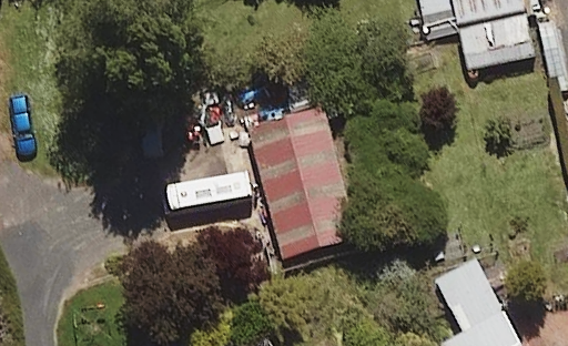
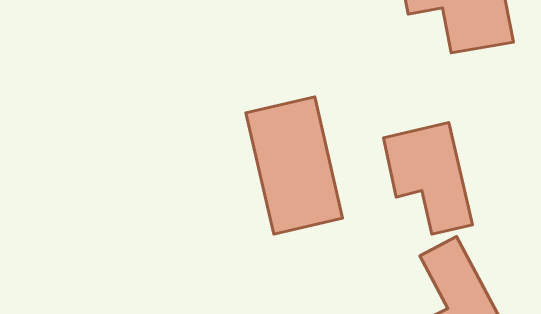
building: none -> [383,123,473,234]

